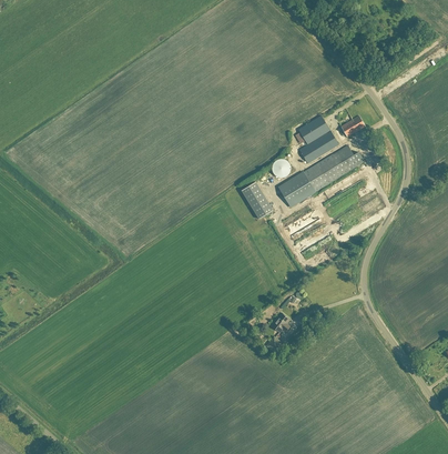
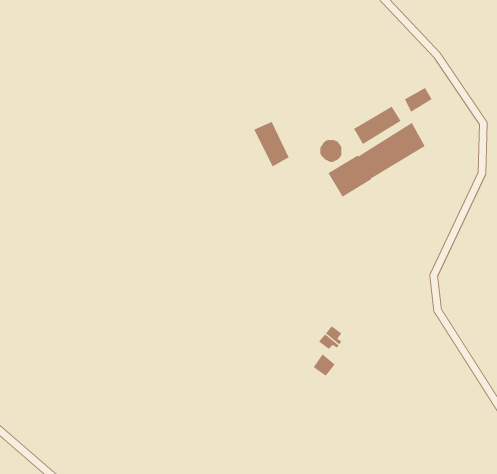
building: [297,115,329,143] -> none
building: [243,181,273,219] -> [253,121,290,167]

